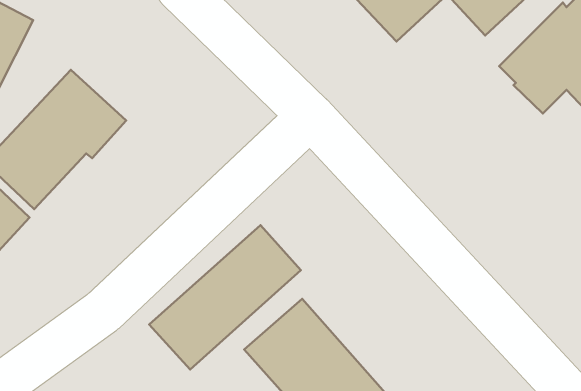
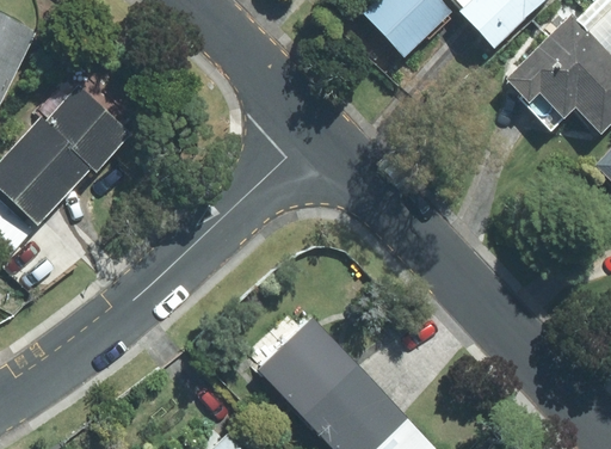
building: [149,225,301,370] -> none

